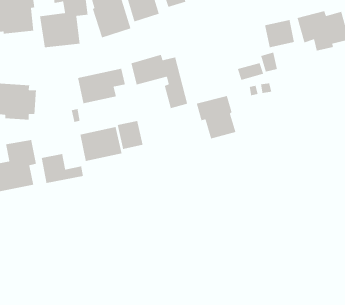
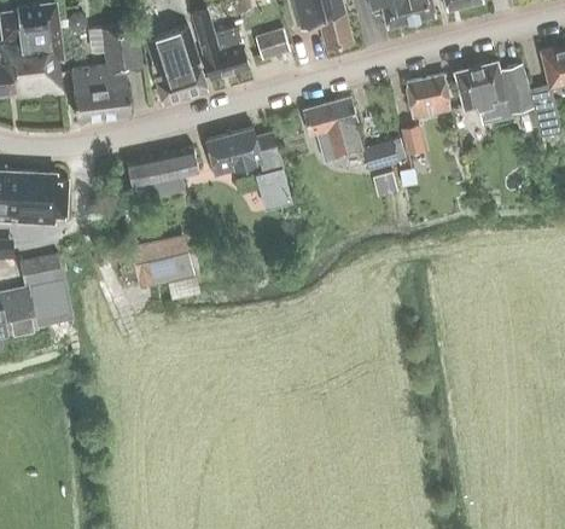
building: [196,95,236,140] -> [302,97,362,163]
building: [117,120,143,150] -> none
building: [41,153,84,184] -> none

